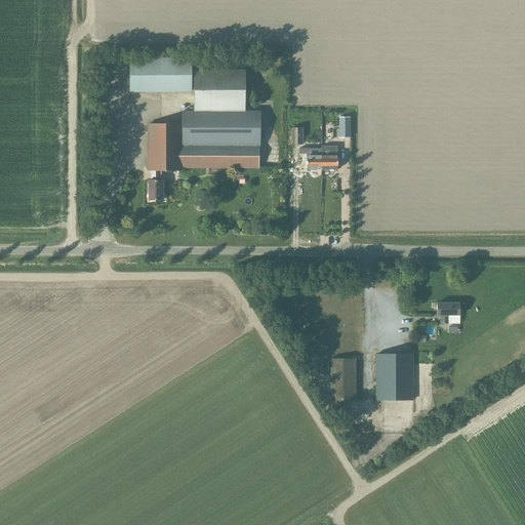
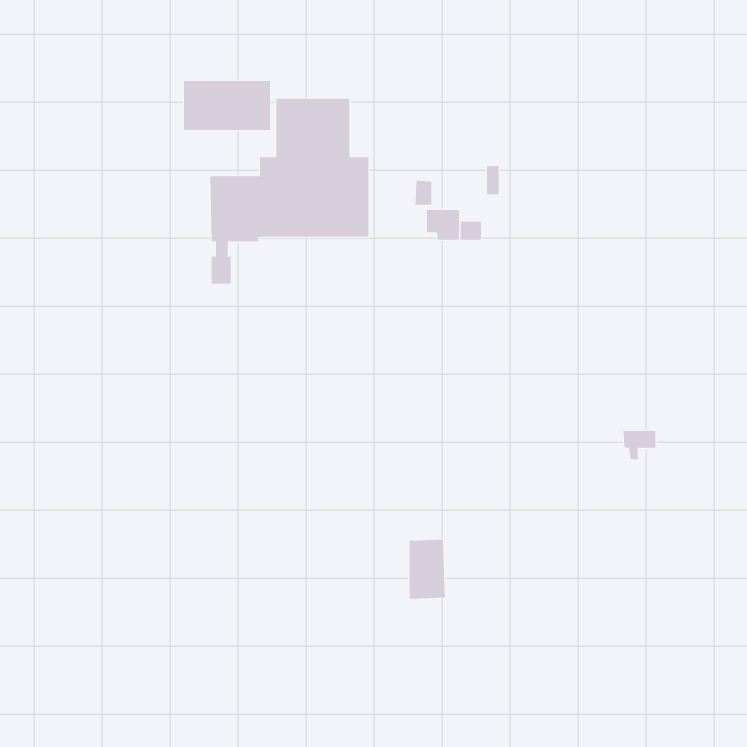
building: [376,353,413,399] -> none
building: [331,357,357,399] -> [409,539,445,599]

